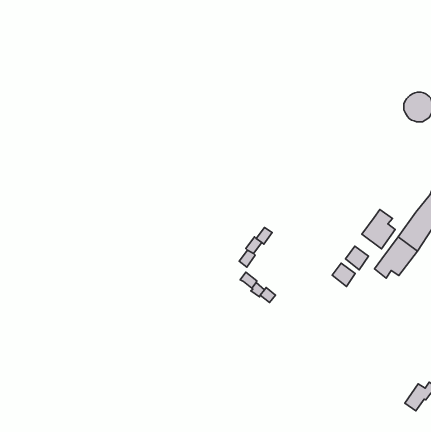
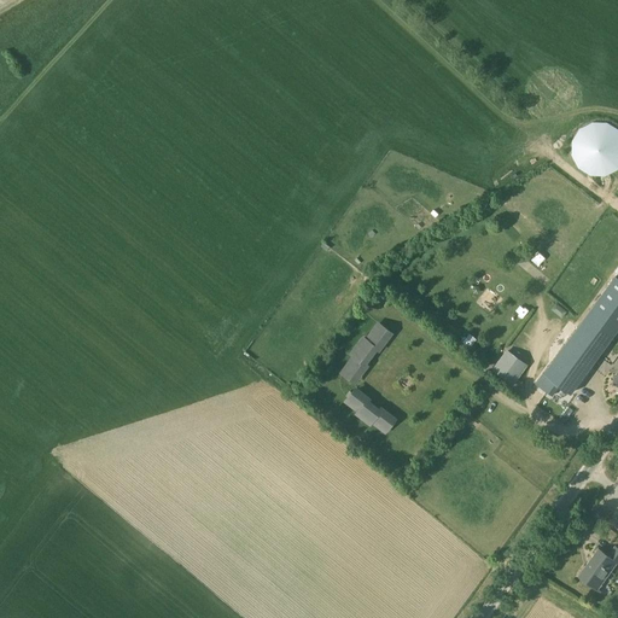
building: [362,210,395,249] -> none
building: [332,263,355,286] -> none

